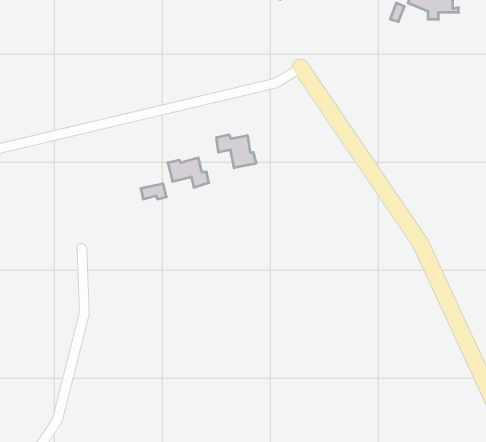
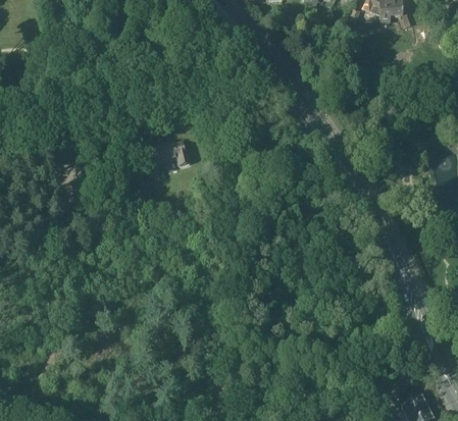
building: [217,135,256,168] -> none

